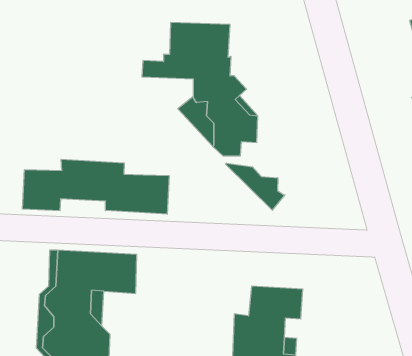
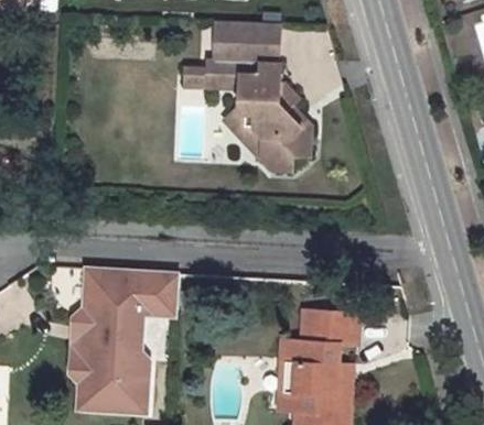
building: [22,159,169,214] -> none
building: [225,163,285,210] -> none

